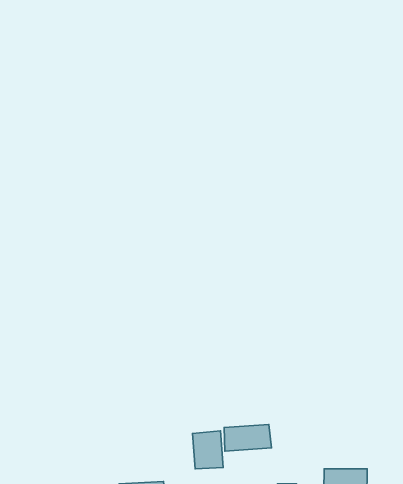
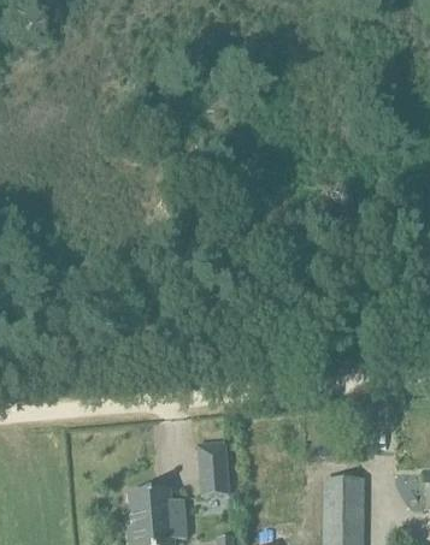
building: [224,424,271,451] -> none

